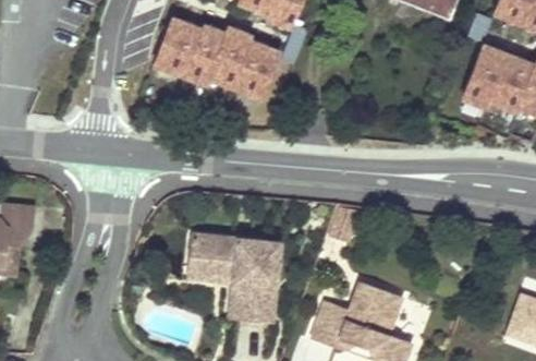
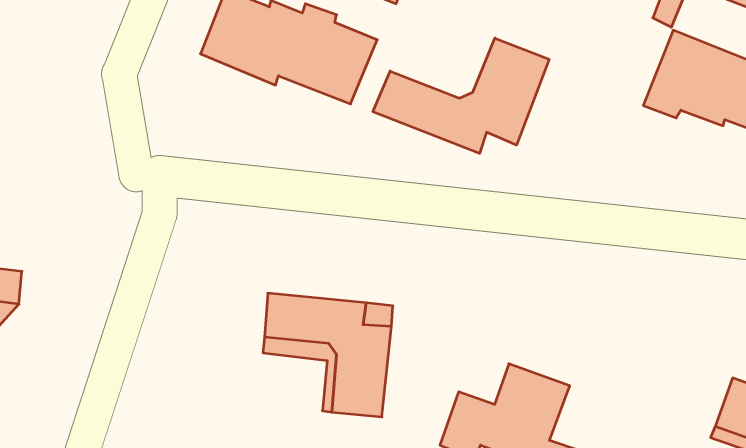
building: none -> [373,38,549,153]

